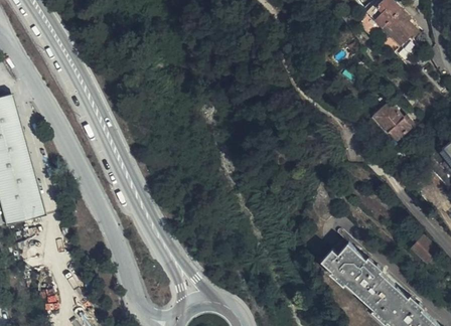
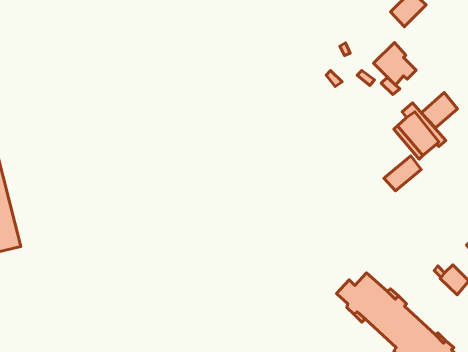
building: [380,8,417,45] -> [374,42,416,85]
building: none -> [421,93,457,128]
building: none -> [384,156,421,191]

